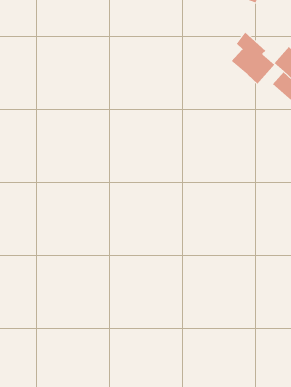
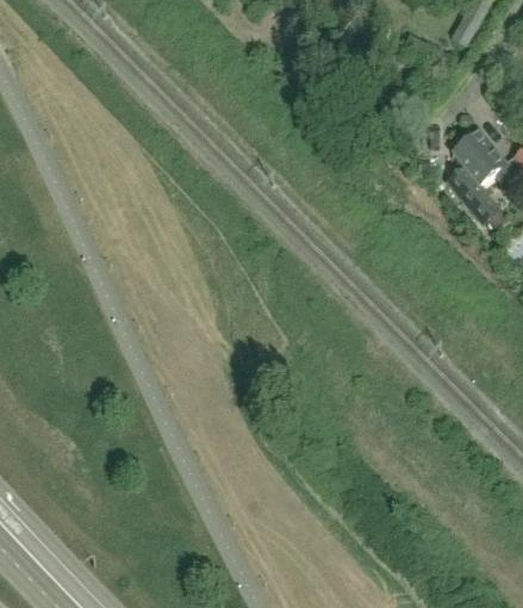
building: [231,32,275,84] -> none

